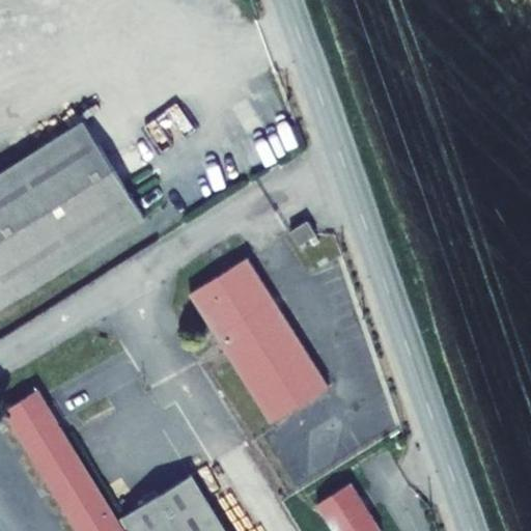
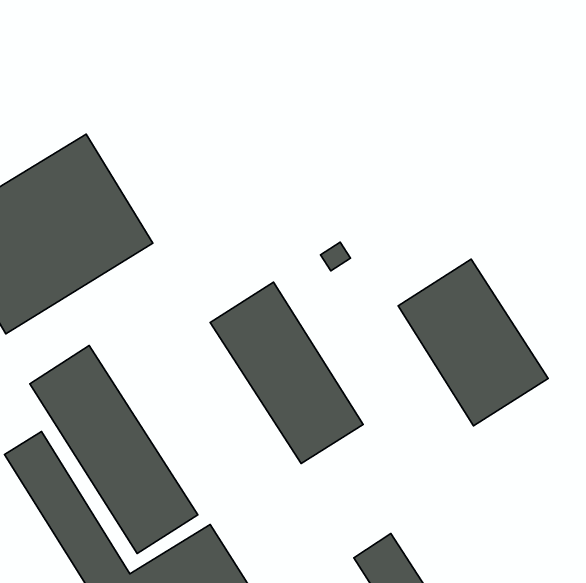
building: none -> [398,259,548,426]
building: none -> [30,346,198,554]

